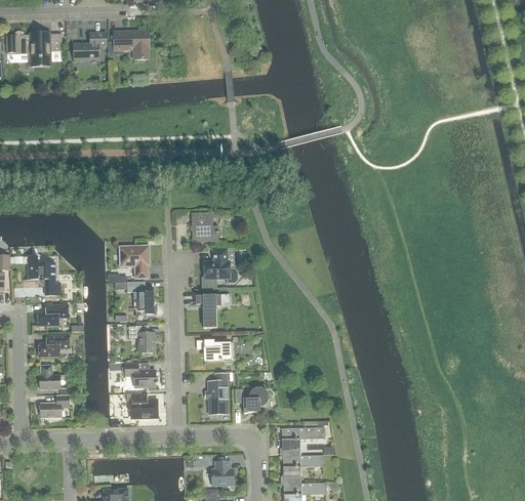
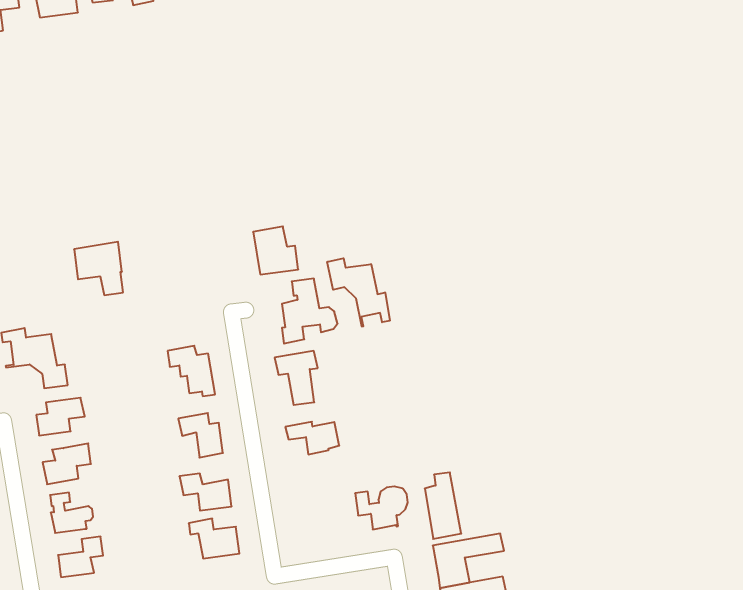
building: none -> [327,258,390,327]
building: [120,245,149,278] -> [74,242,123,295]
building: [208,373,228,414] -> [425,472,461,539]

